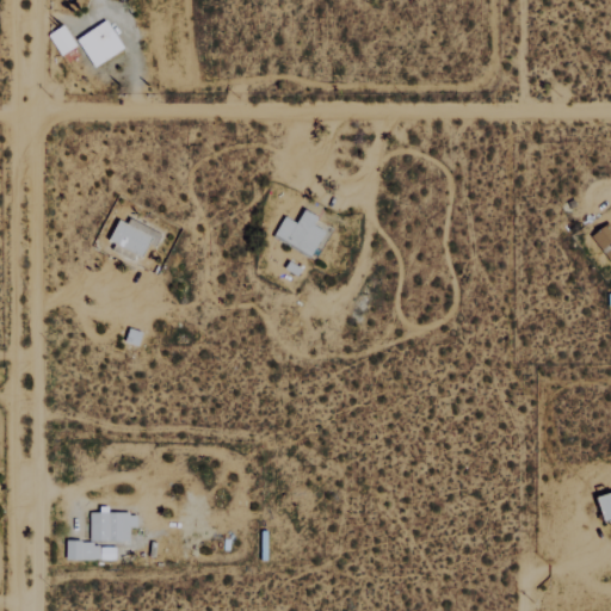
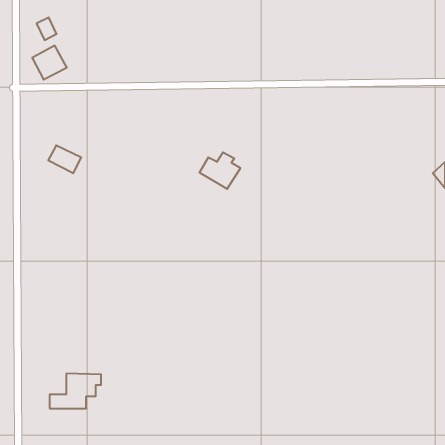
building: [79,20,126,67] -> [32,46,67,80]
building: [111,220,156,258] -> [48,145,81,173]

